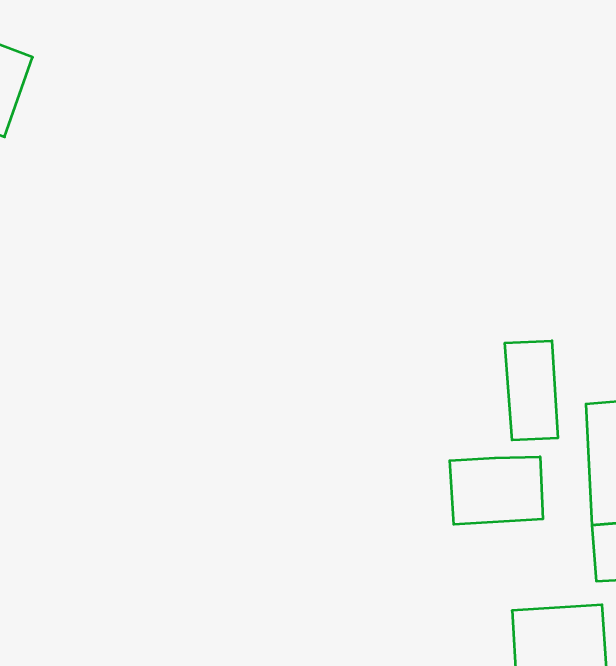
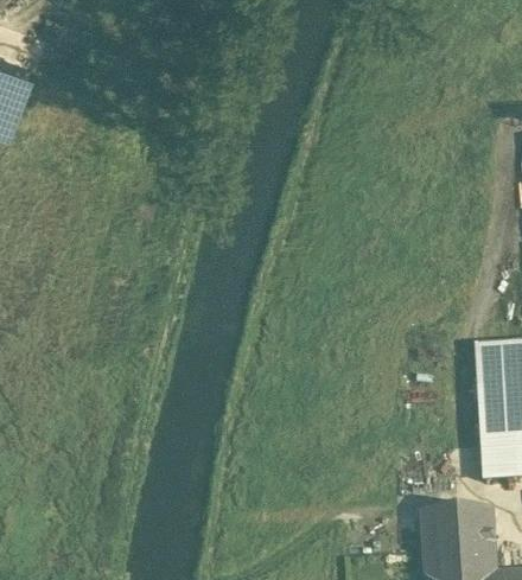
building: [505,341,558,440] -> none
building: [450,457,543,524] -> none

